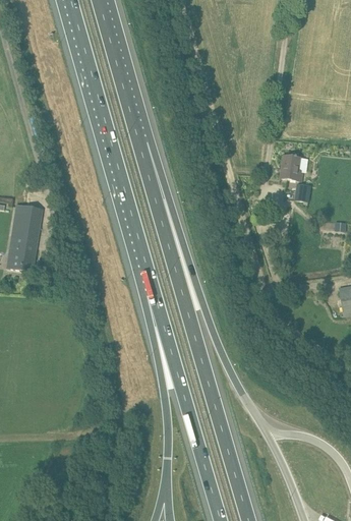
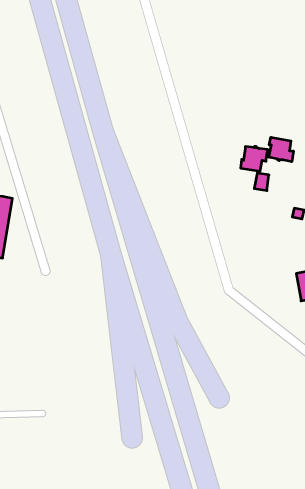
building: none -> [269,137,293,162]

